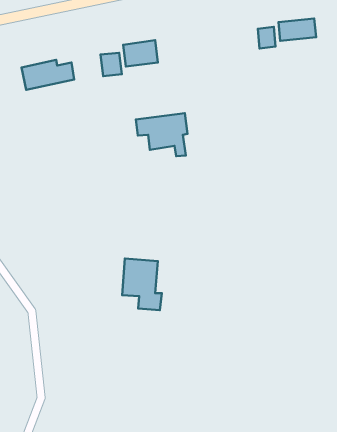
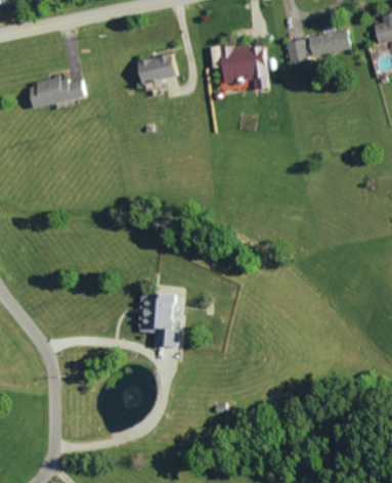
building: [101,53,122,76] -> none
building: [136,113,188,156] -> [209,43,265,90]

